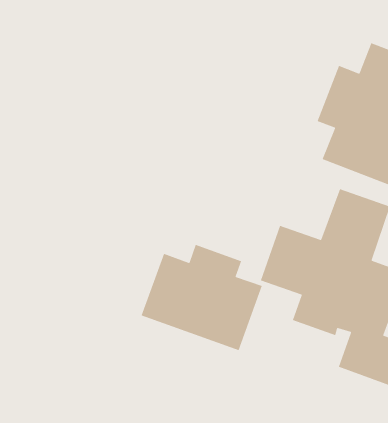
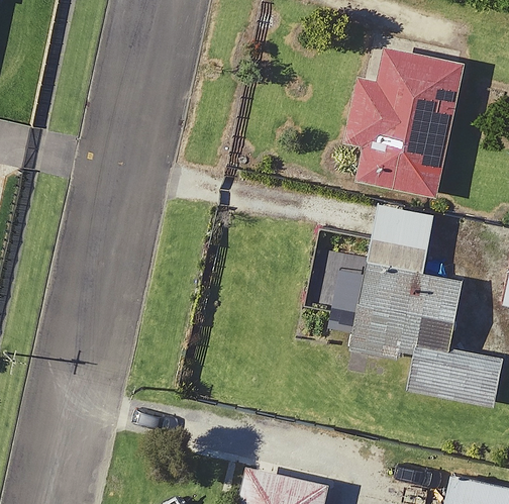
building: [140,244,263,351] -> none

